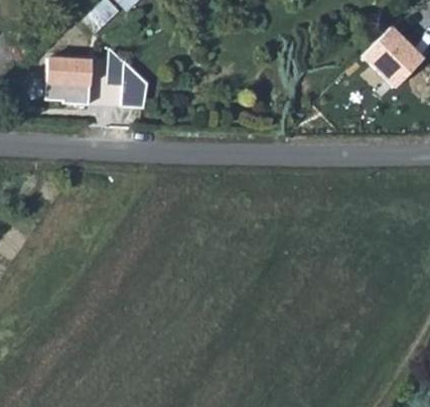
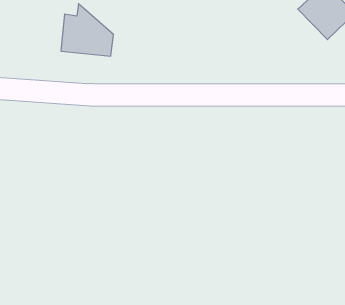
building: [44,54,91,104] -> none

